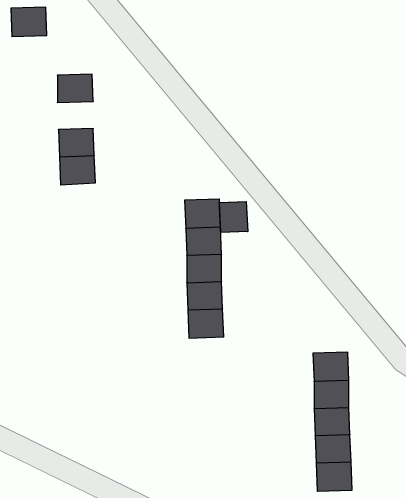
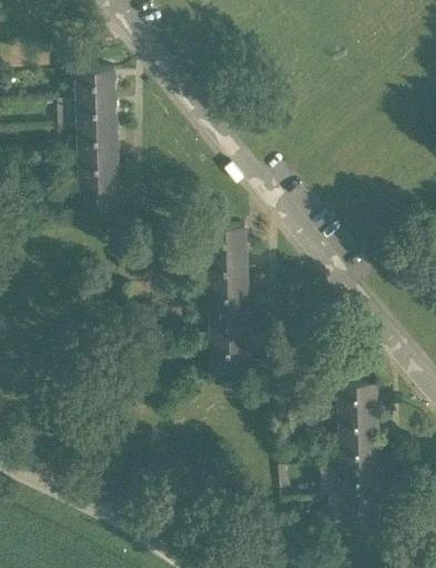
building: [11,7,47,37] -> [79,70,115,100]
building: none -> [80,126,116,155]
building: [219,202,248,232] -> none

